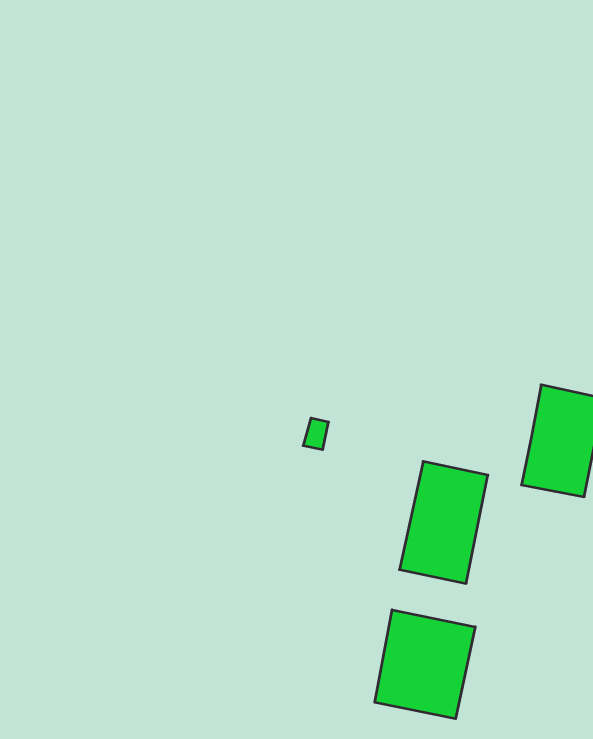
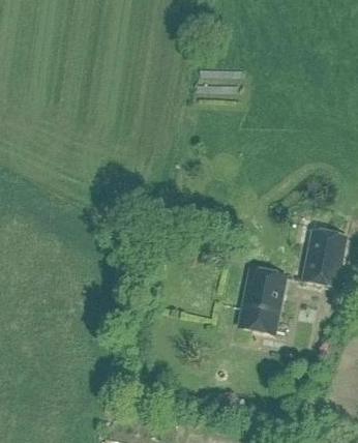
building: [375,610,475,719] -> none

